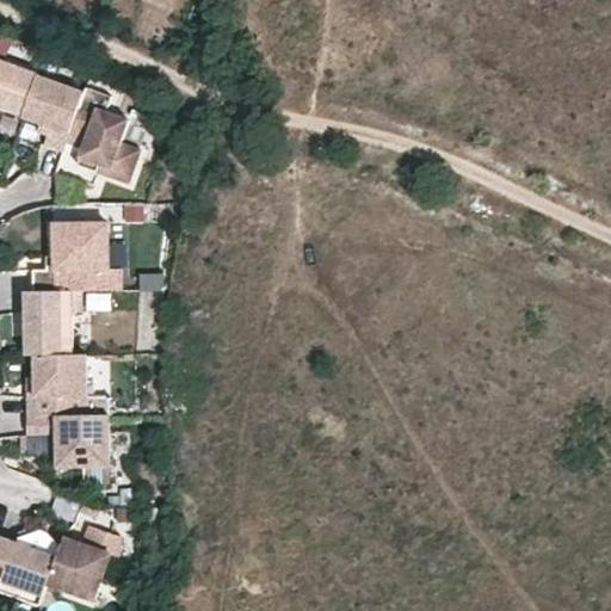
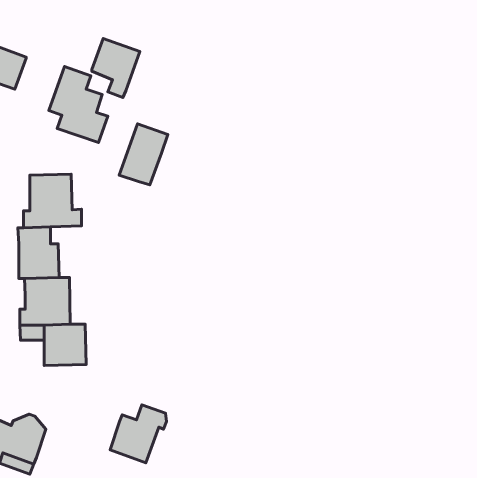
building: [19,75,80,150] -> [92,39,140,98]
building: none -> [119,124,168,185]
building: [47,526,118,600] -> [110,405,166,463]

